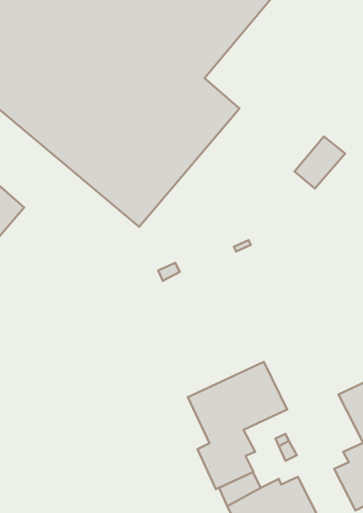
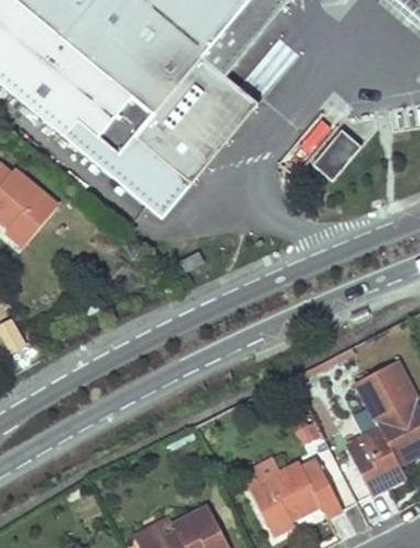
building: [188,362,287,489] -> none

